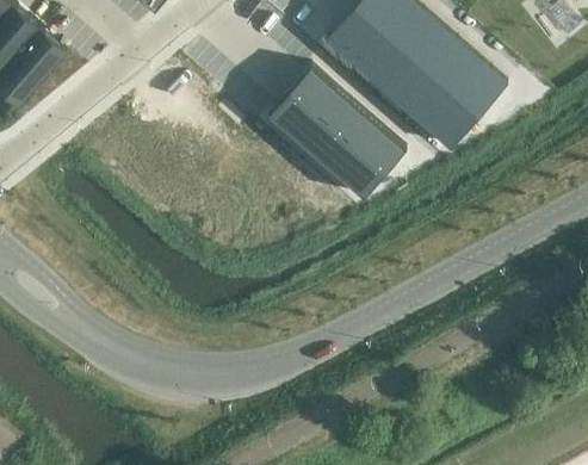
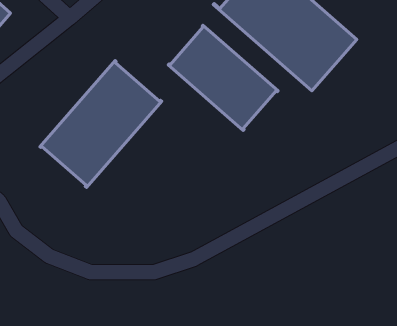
building: none -> [40,61,162,187]

